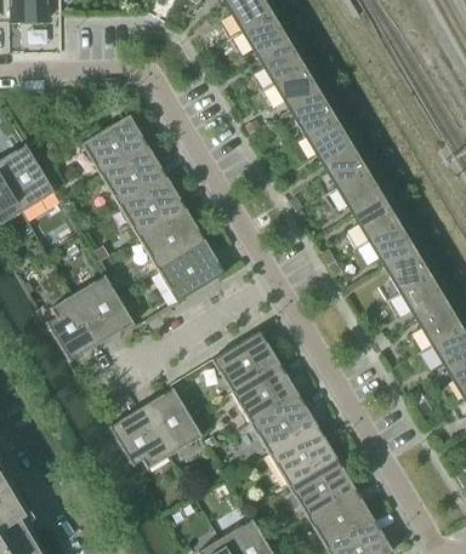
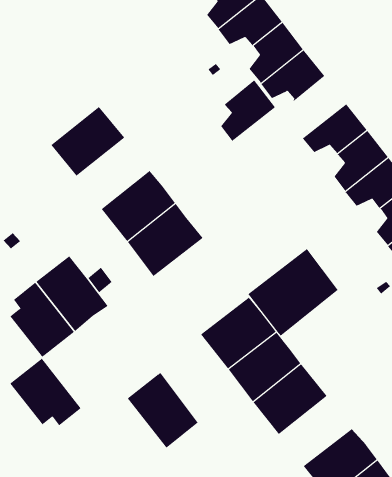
building: [80,115,149,175] -> none
building: [317,143,368,196] -> [220,80,276,143]
building: [121,176,187,236] -> none
building: none -> [248,248,338,336]
building: [110,406,171,468] -> [10,358,81,426]
building: [272,426,337,485] -> none

